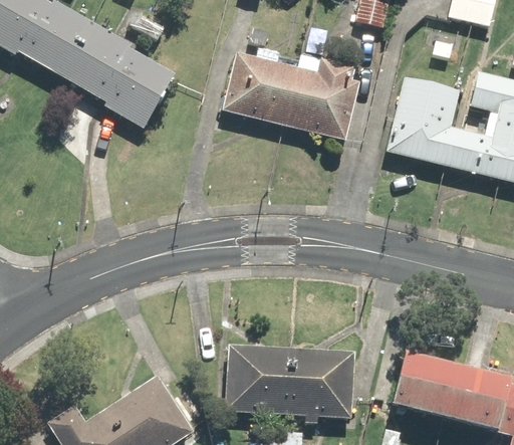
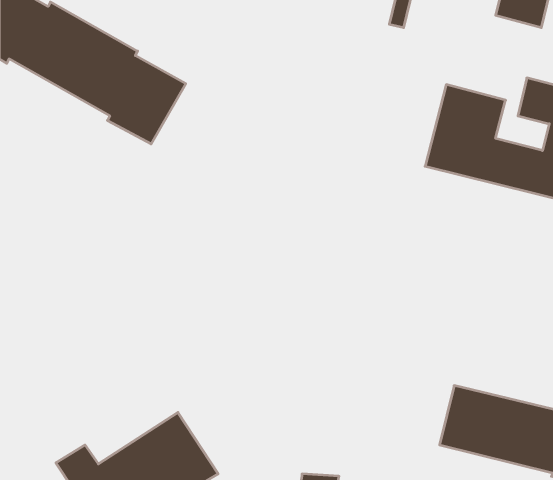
building: [220,56,356,142] -> none
building: [232,340,362,414] -> none

